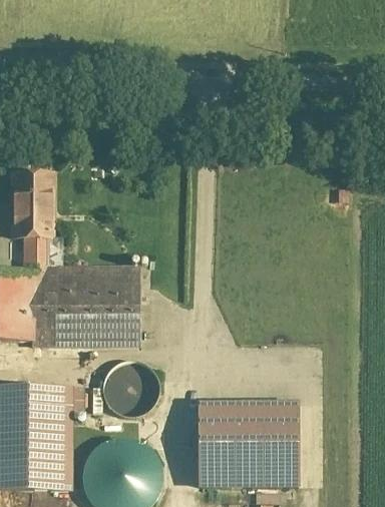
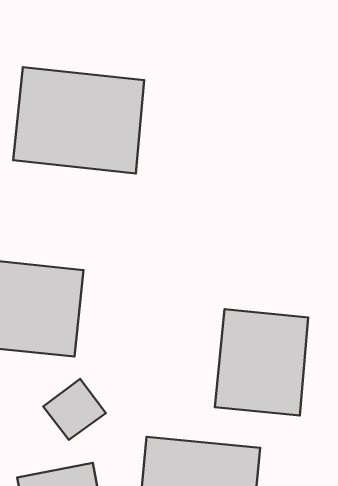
building: none -> [13,67,144,173]
building: none -> [215,309,308,415]

